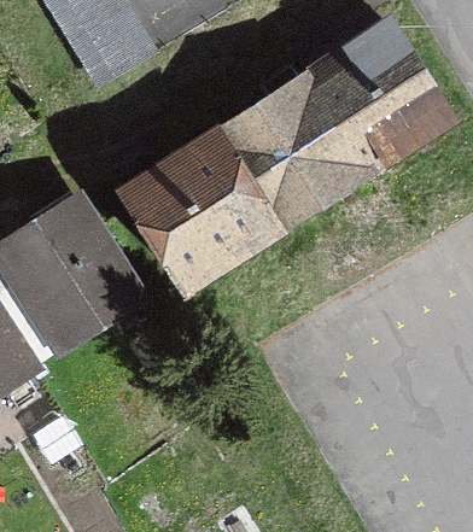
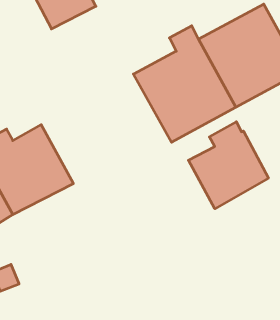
building: [127,138,274,286] -> none
building: none -> [188,122,268,209]

